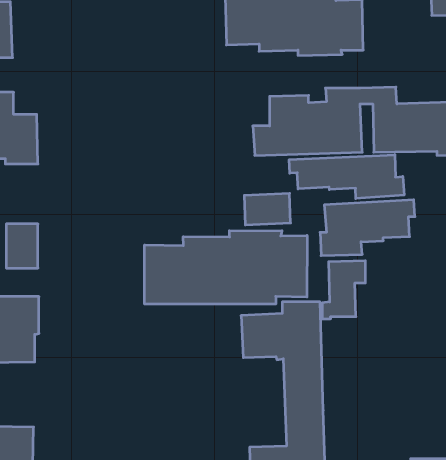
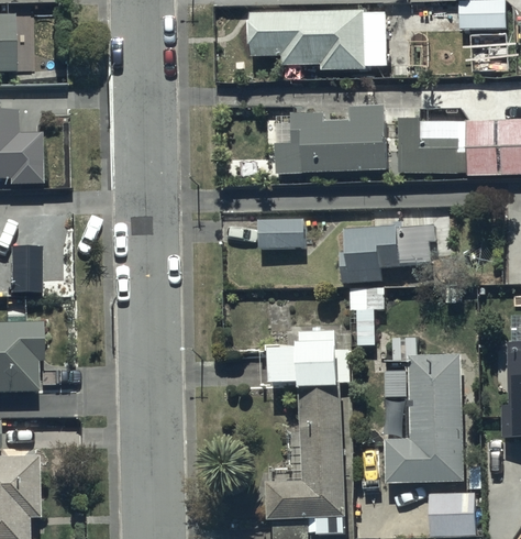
building: [289,155,404,199] -> none
building: [145,231,307,304] -> none
building: none -> [379,345,457,482]

